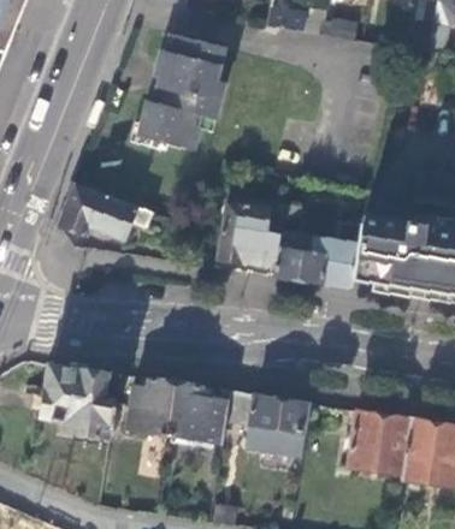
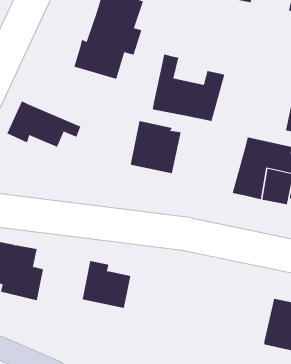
building: [271,203,362,286] -> [152,54,225,122]
building: [124,378,172,433] -> none
building: [224,391,308,458] -> none
building: [347,409,410,474] -> none

